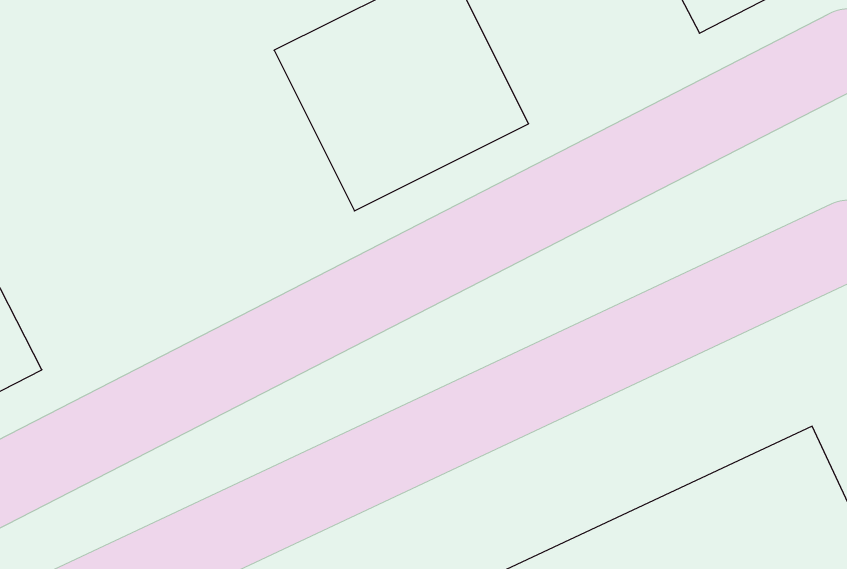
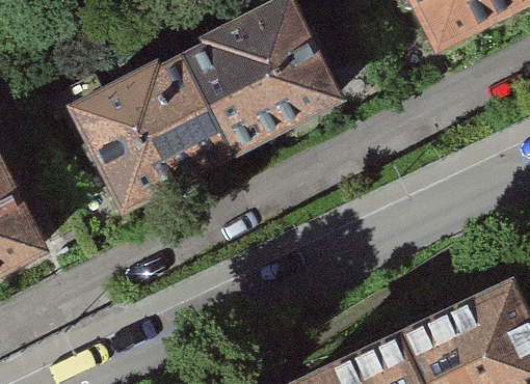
building: none -> [74,54,228,203]

